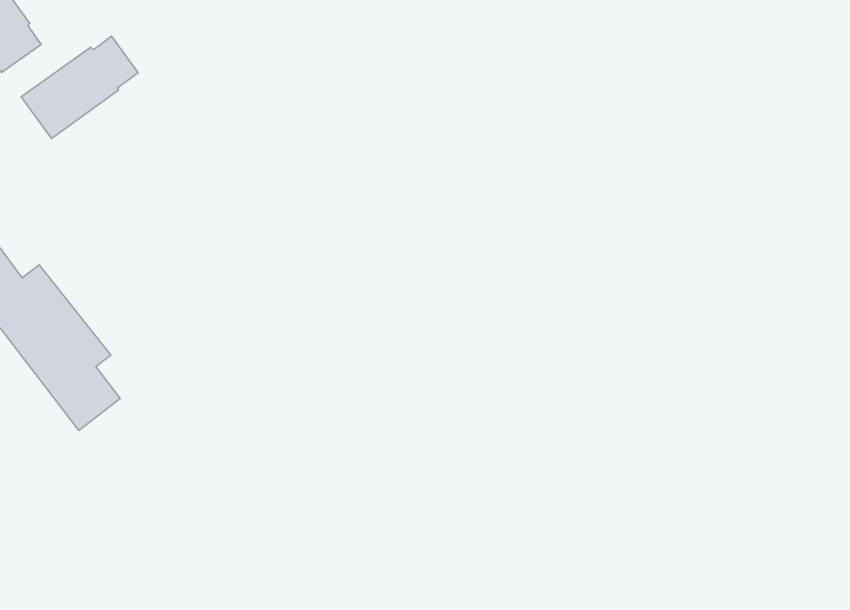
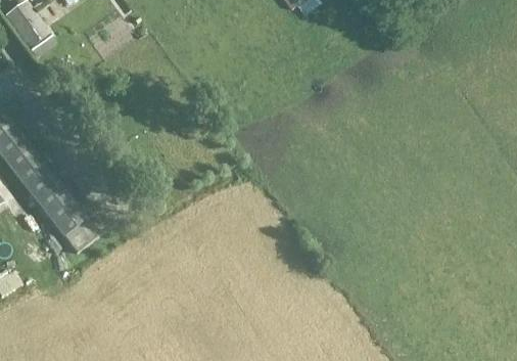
building: [21,36,138,138] -> none

